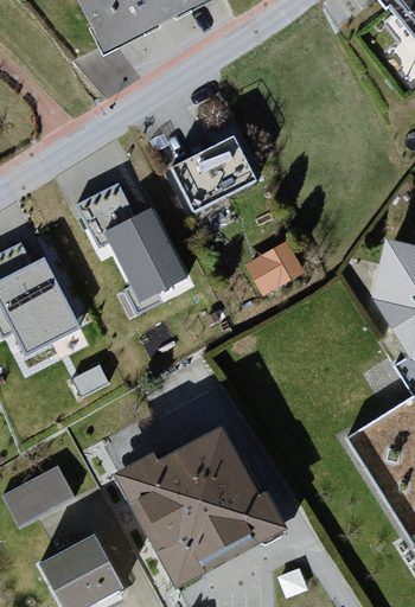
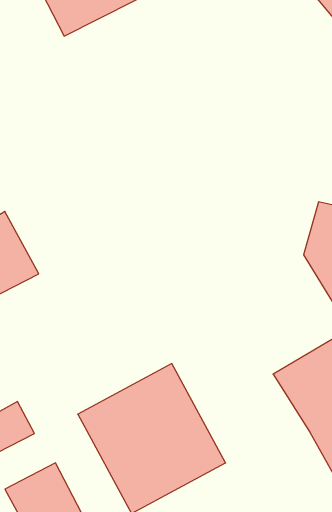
building: [174,135,262,216] -> none
building: [71,178,183,296] -> none
building: [240,235,300,290] -> none

